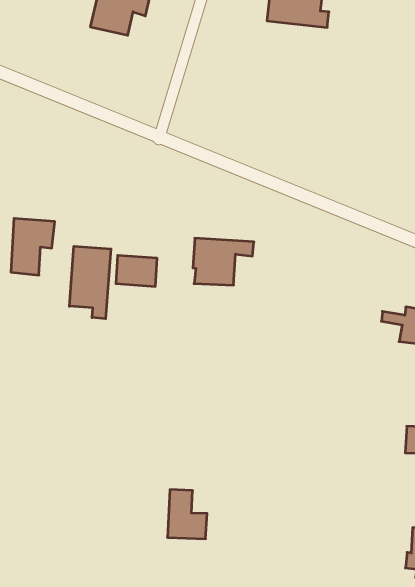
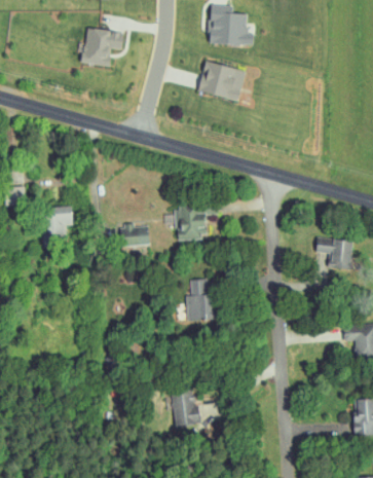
building: none -> [197,60,246,101]
building: [69,246,111,319] -> none
building: none -> [187,279,213,321]

